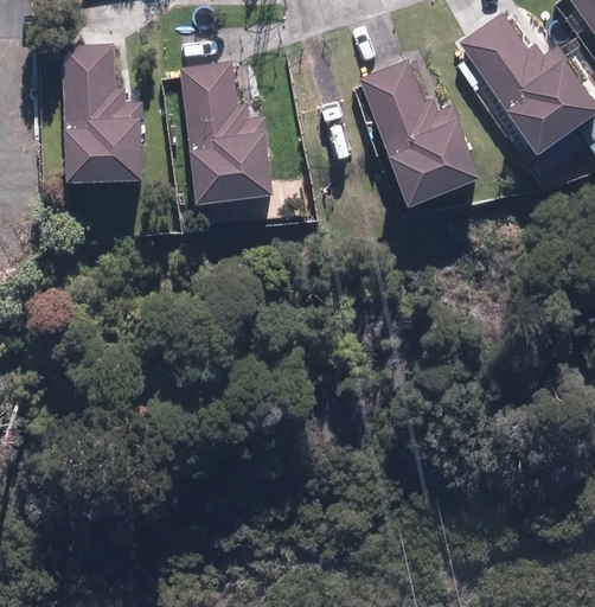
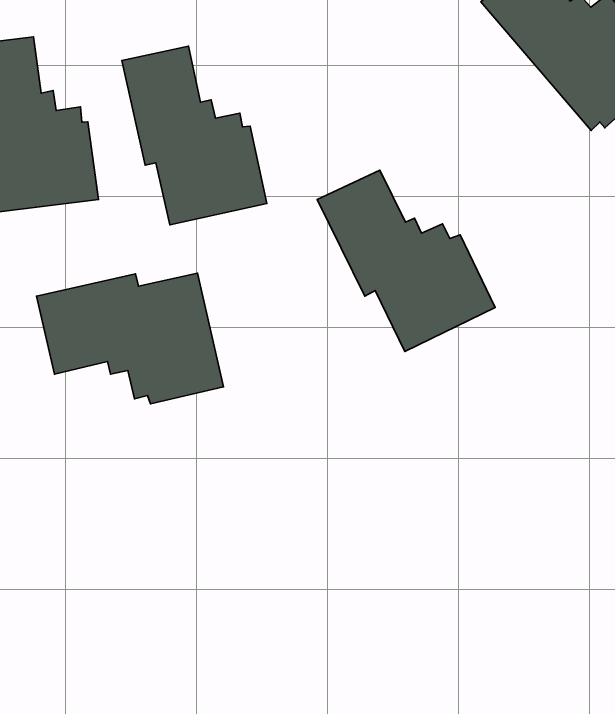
building: [357,63,487,204] -> [317,170,495,352]
building: none -> [36,273,223,404]

